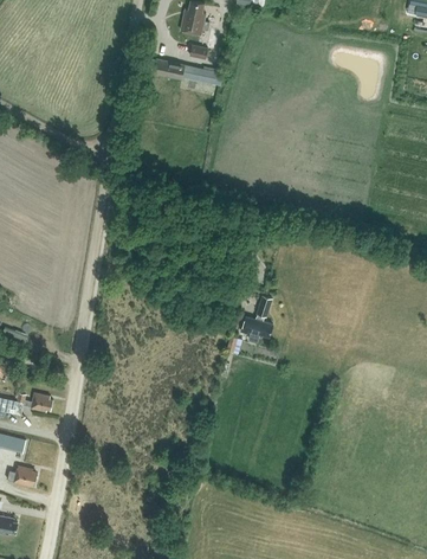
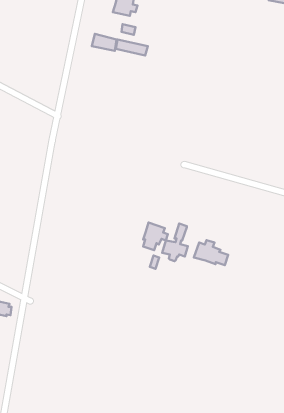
building: none -> [143,222,168,250]
building: none -> [194,240,228,265]

